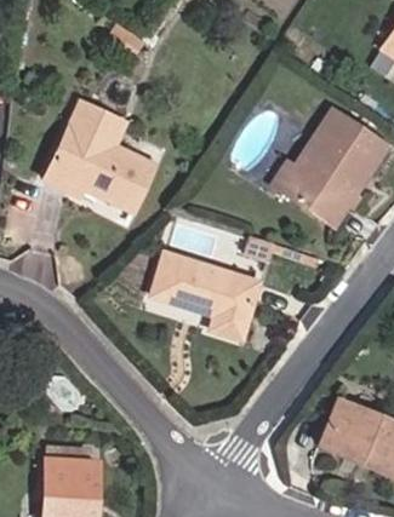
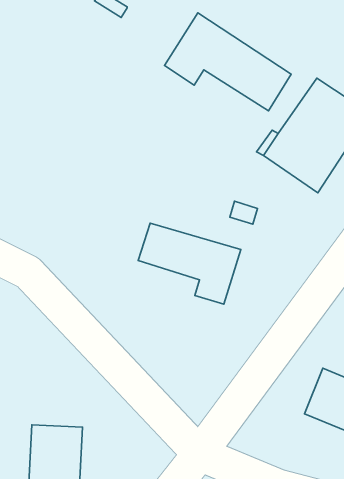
building: none -> [165,13,291,111]
building: [46,103,155,211] -> none

